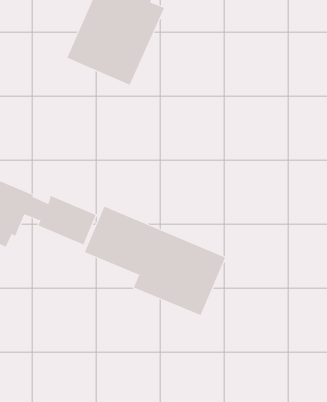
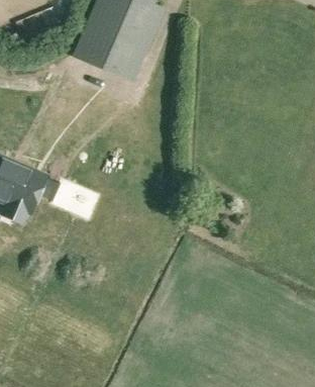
building: [84,206,226,316] -> none

